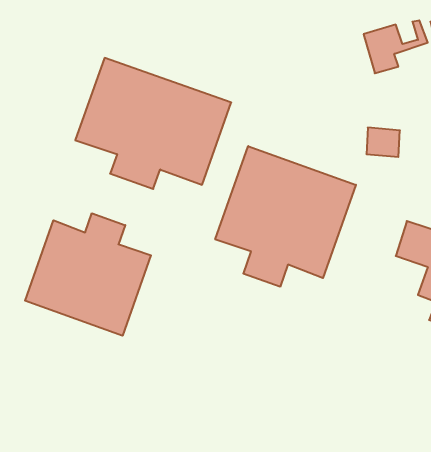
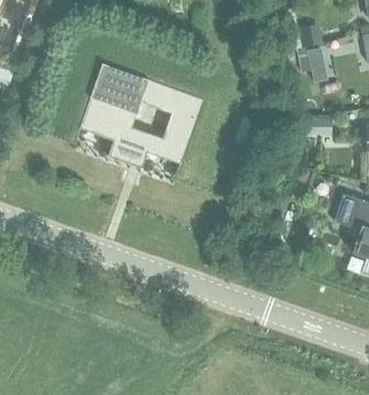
building: [215,146,356,287] -> none
building: [25,213,151,336] -> none

